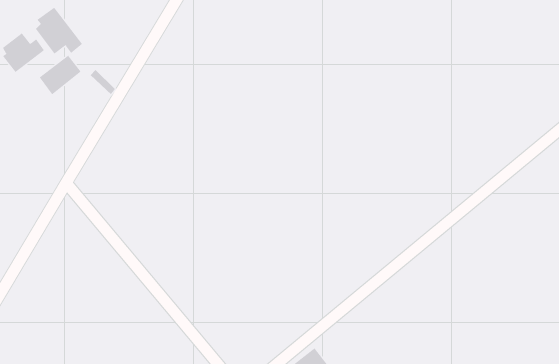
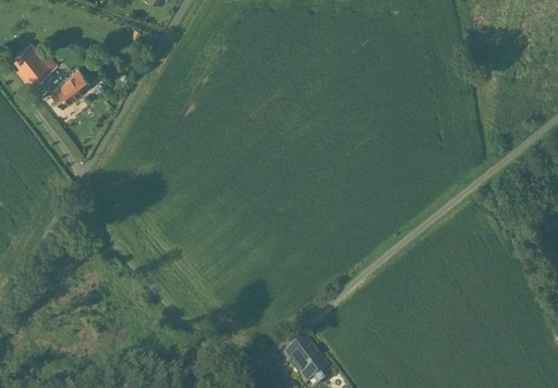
building: [35,7,83,54] -> none

